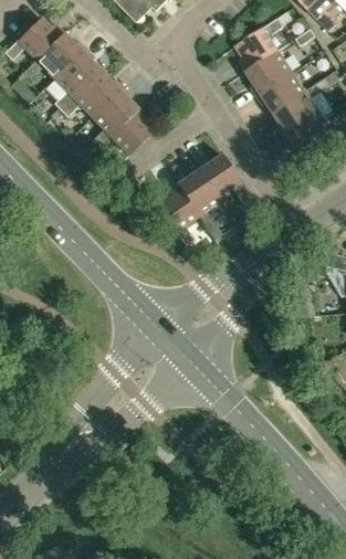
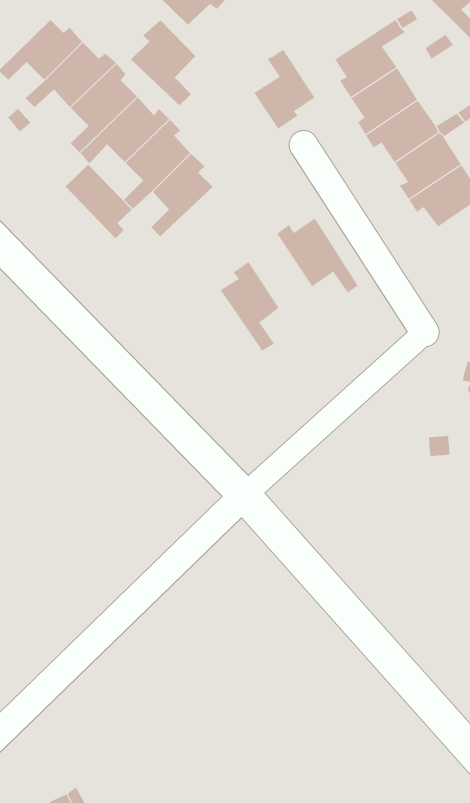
building: none -> [130,20,196,106]
building: none -> [253,49,315,130]
building: none -> [65,164,133,239]
building: [177,164,220,229] -> none

